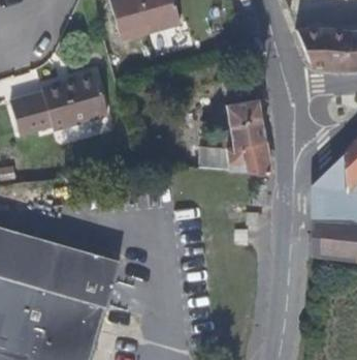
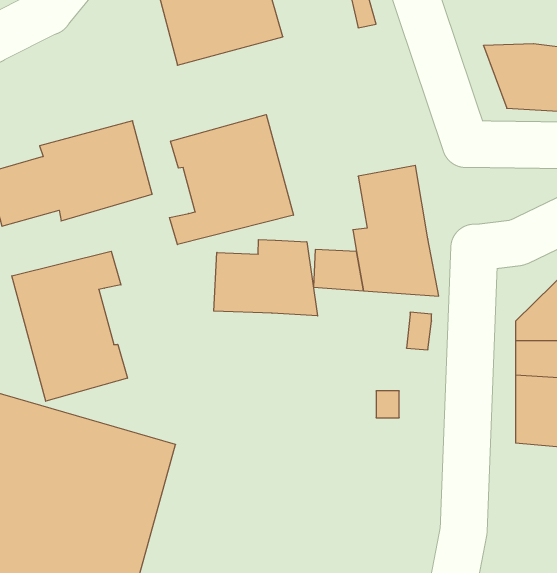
building: none -> [169,115,293,245]
building: none -> [214,240,318,316]
building: none -> [12,251,127,401]

